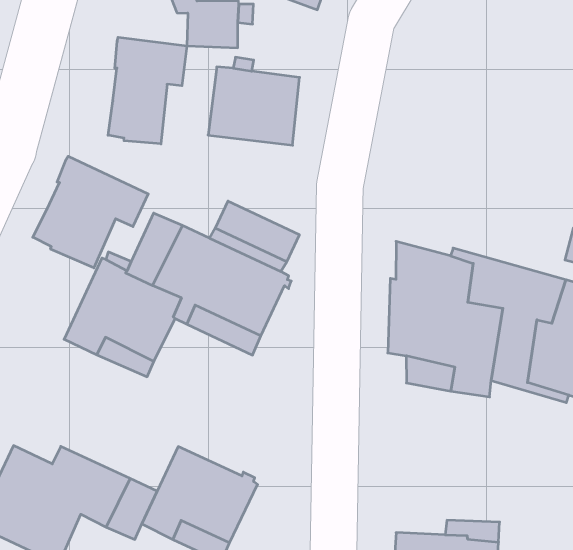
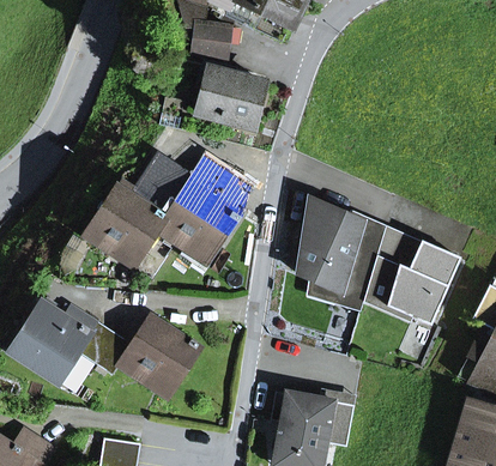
building: [108,37,187,144] -> none
building: [33,156,148,268] -> none

